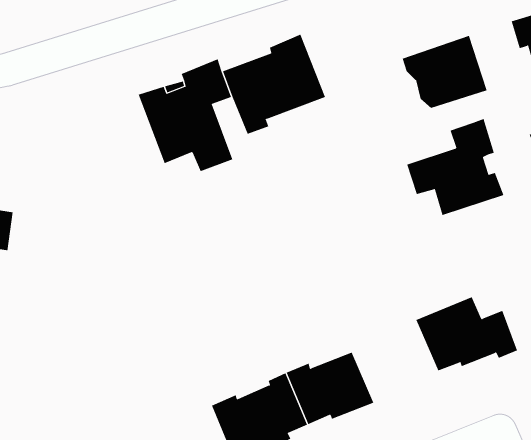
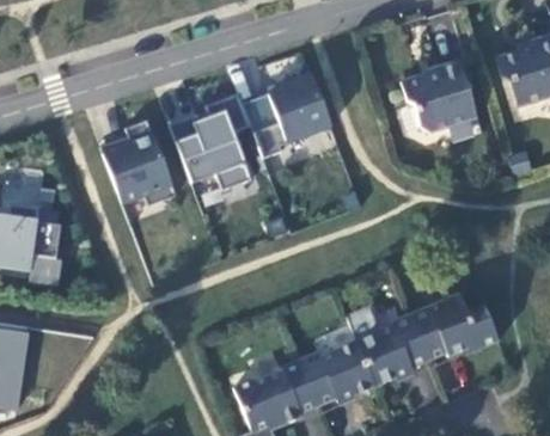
building: none -> [100,117,177,204]
building: [406,118,504,216] -> none
building: none -> [344,311,429,388]

